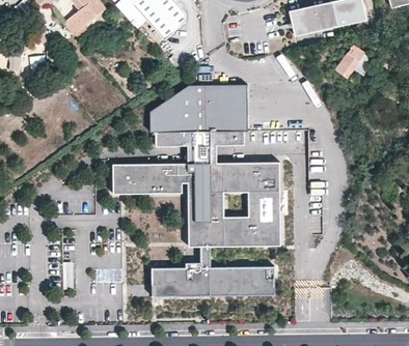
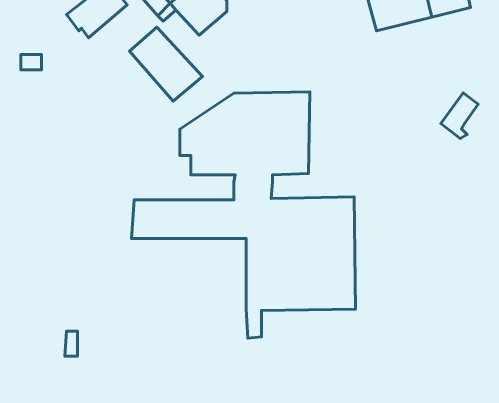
building: none -> [130,27,202,101]
building: [335,47,363,81] -> [441,93,478,139]
building: [151,265,271,295] -> none

